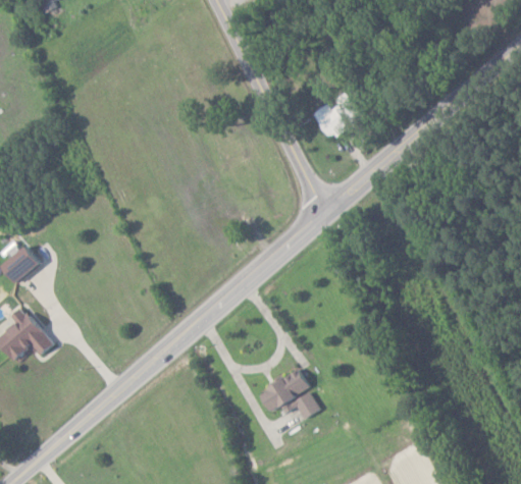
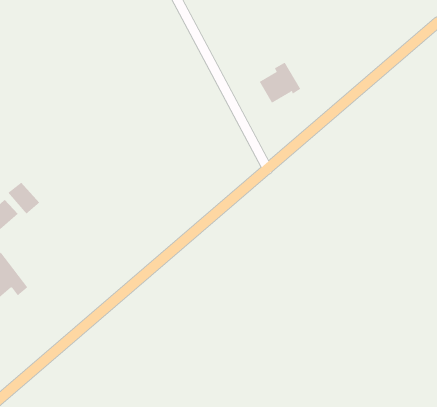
building: none -> [7,182,40,215]
building: [259,369,318,418] -> none

